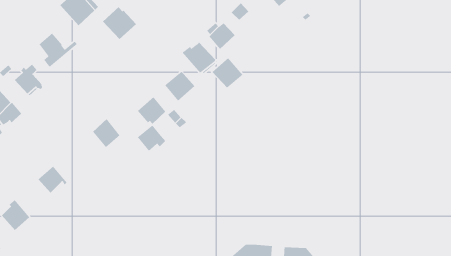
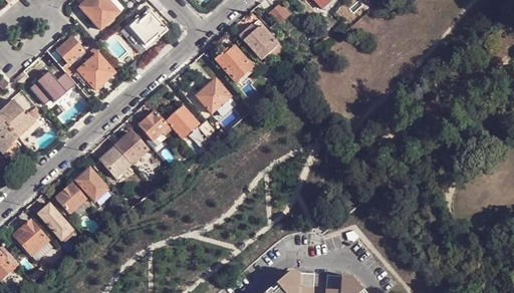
building: none -> [74,53,114,89]
building: [211,57,244,89] -> none
building: [137,124,166,152] -> [139,110,171,140]
building: none -> [100,145,132,178]
building: none -> [76,168,108,201]
building: none -> [38,207,73,240]

